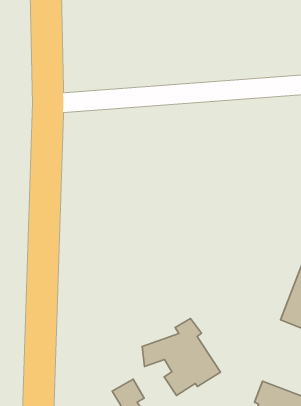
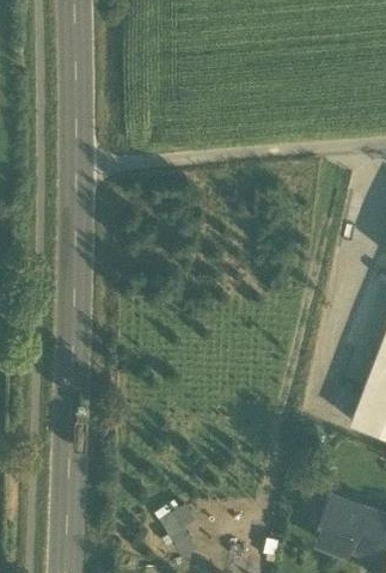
building: [142,319,221,395] -> none

